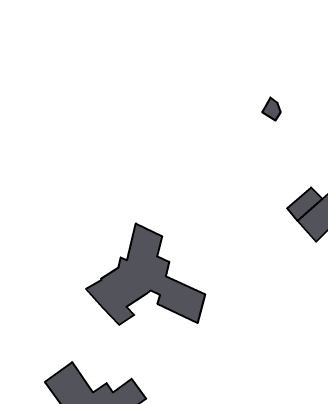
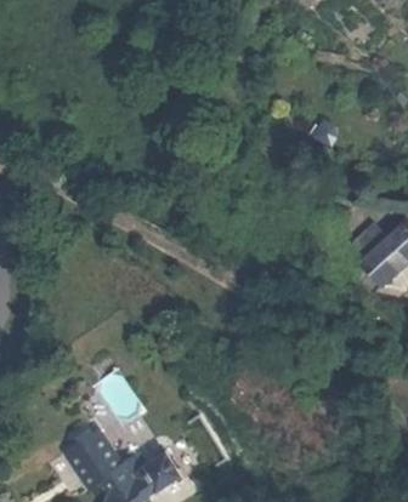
building: [86,223,205,325] -> none

